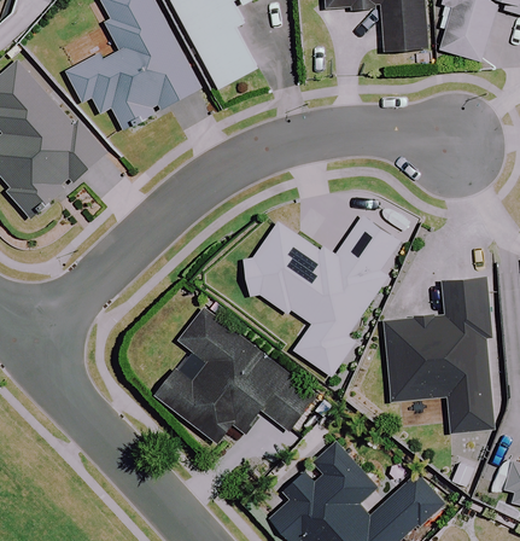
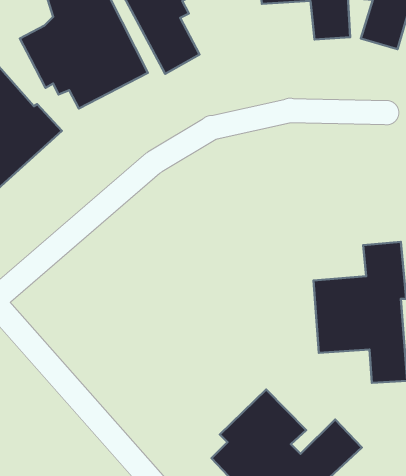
building: [244,213,402,374] -> none
building: [156,309,314,441] -> none

